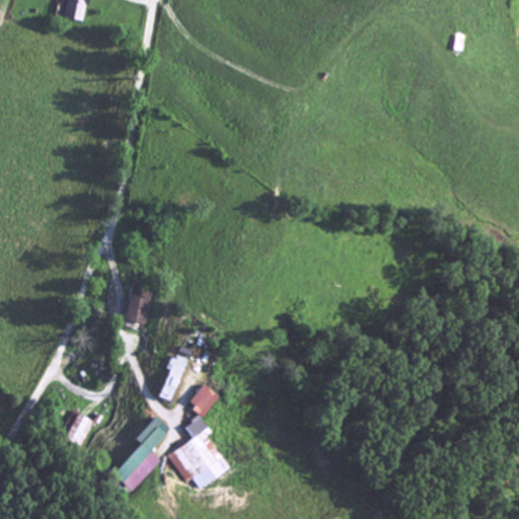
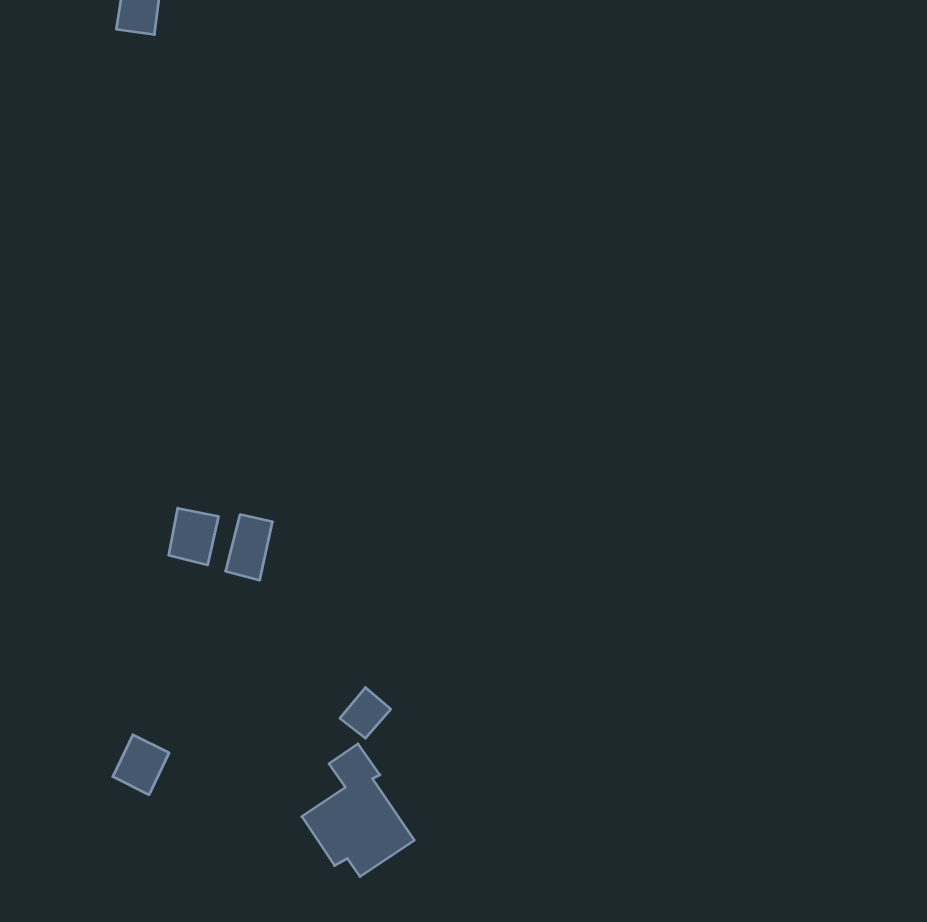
building: none -> [169,508,218,565]
building: [159,354,188,400] -> none
building: [116,416,170,491] -> none

